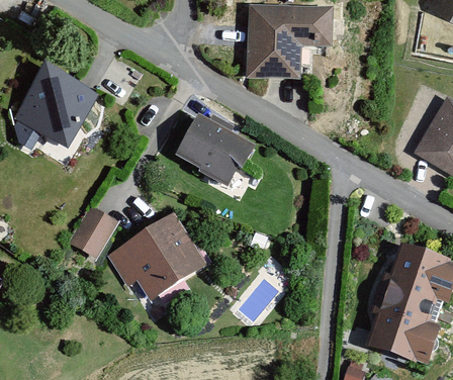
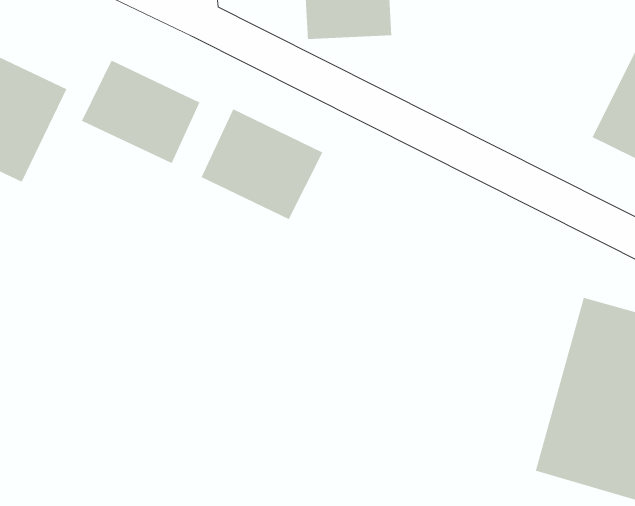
building: none -> [81,59,200,164]
building: [70,206,117,259] -> none
building: [107,212,205,298] -> none

